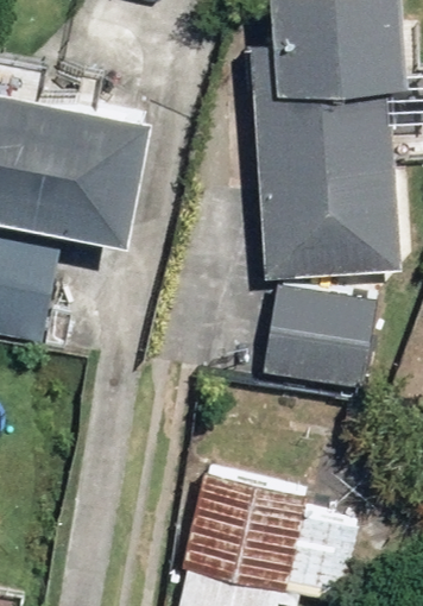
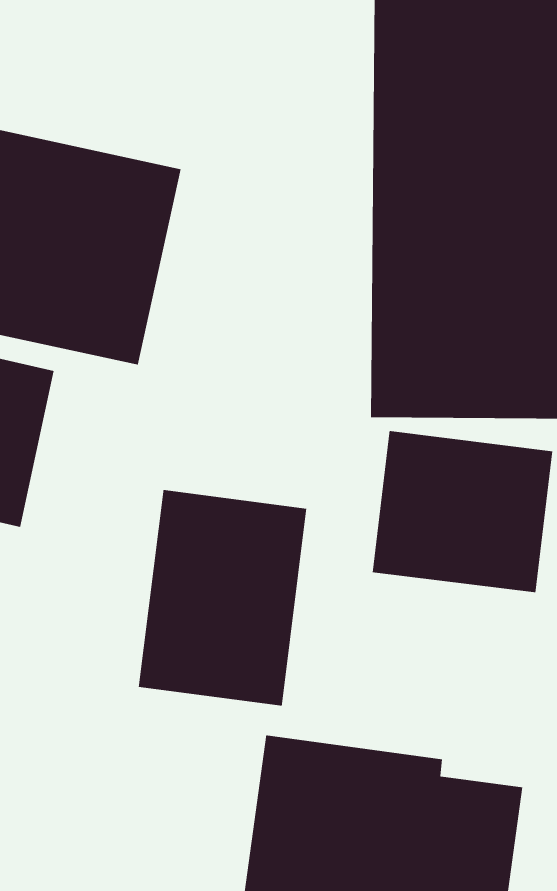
building: none -> [138,489,307,706]

